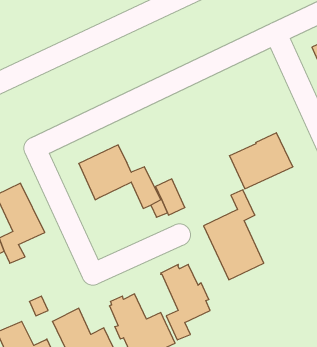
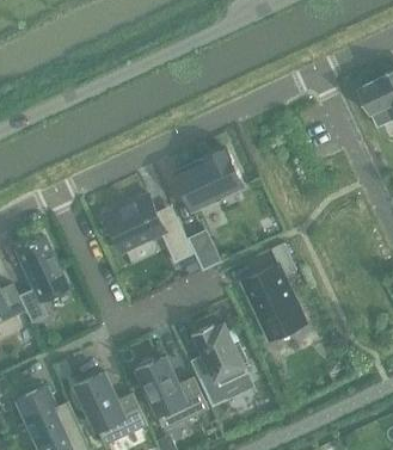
building: [229,133,293,189] -> [174,149,244,210]

